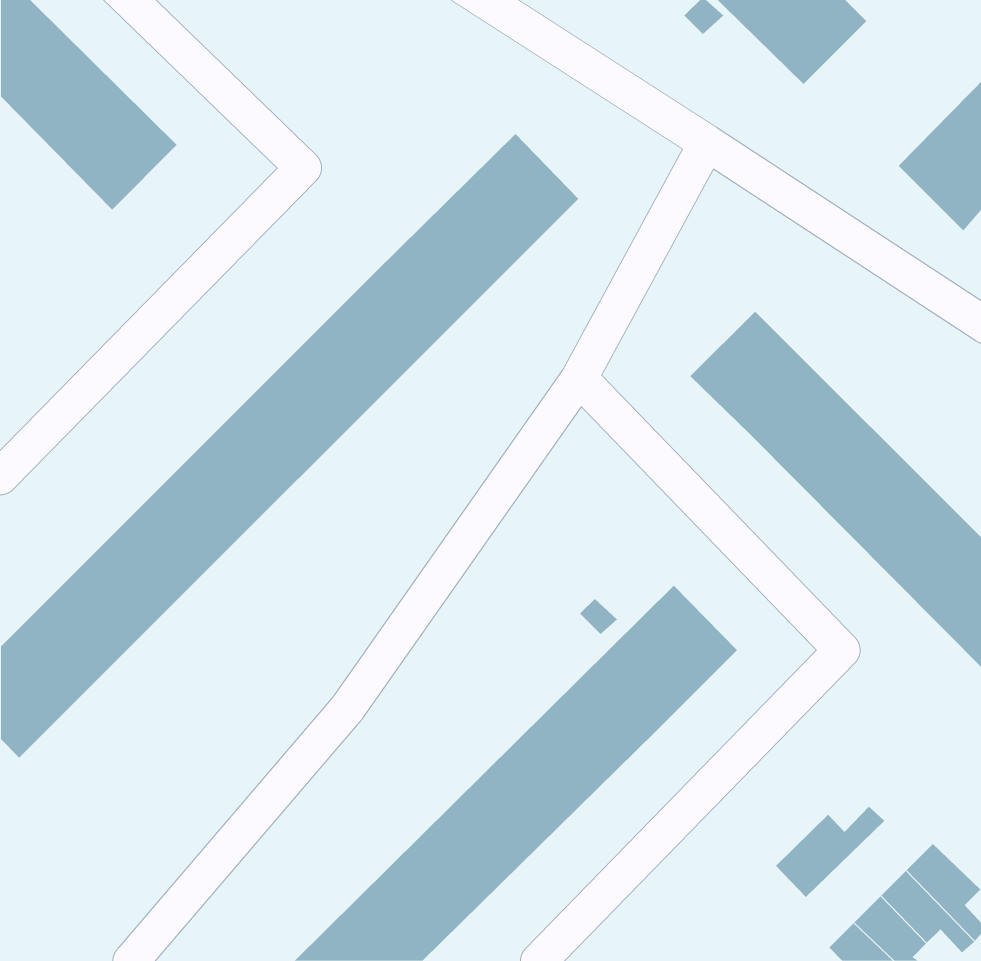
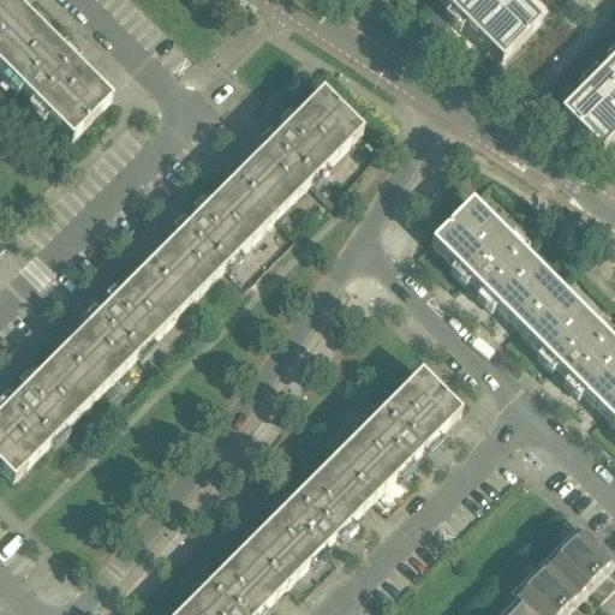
building: [775,806,885,898] -> none

